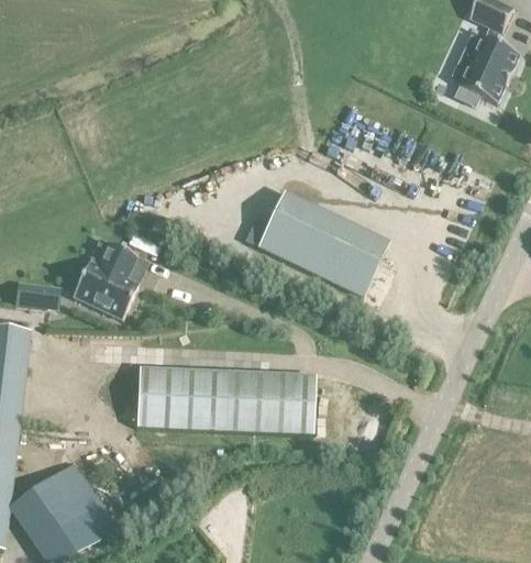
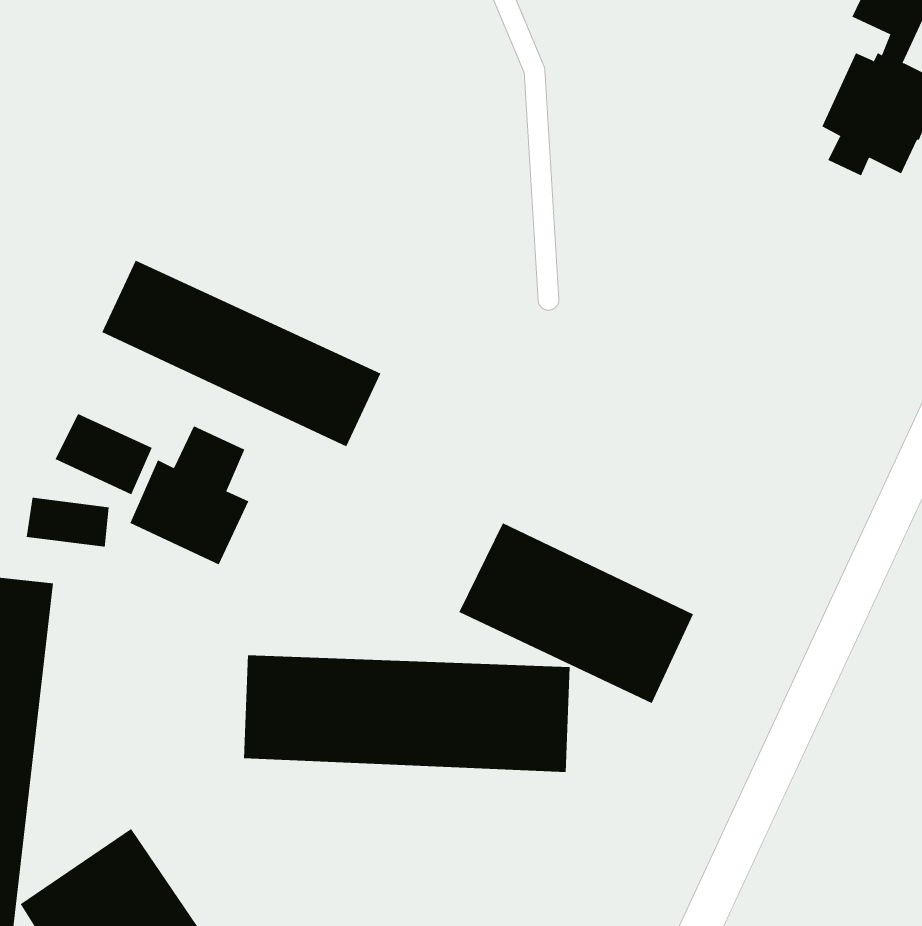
building: none -> [102,260,381,447]
building: [256,197,386,297] -> [459,522,694,704]
building: none -> [55,413,153,495]

